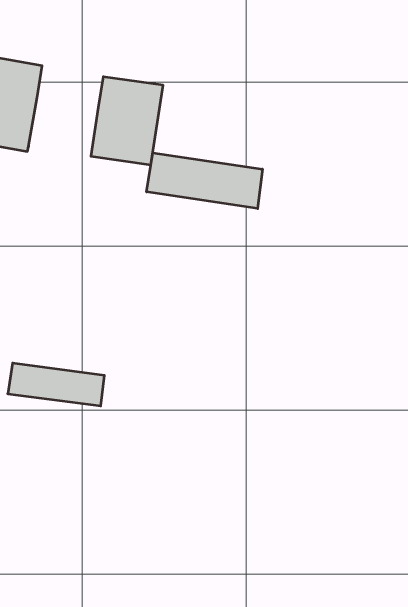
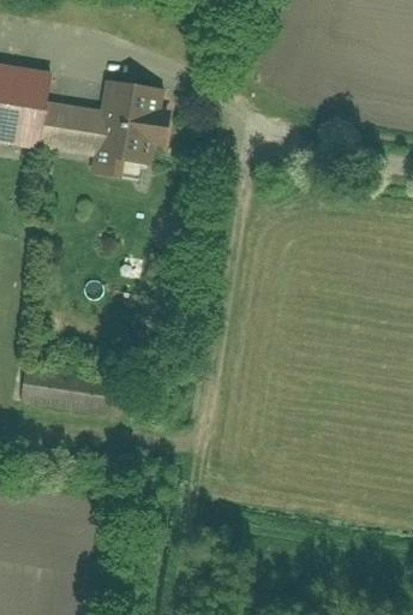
building: none -> [35,102,103,160]
building: [147,153,262,209] -> none

